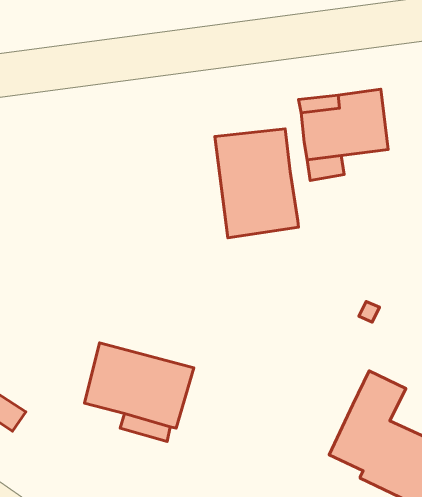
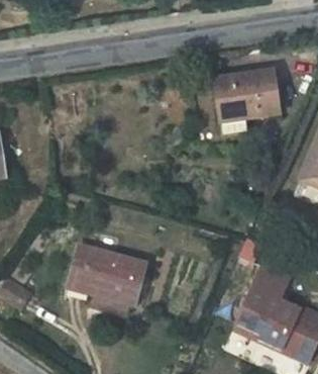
building: [215,129,299,238] -> none

